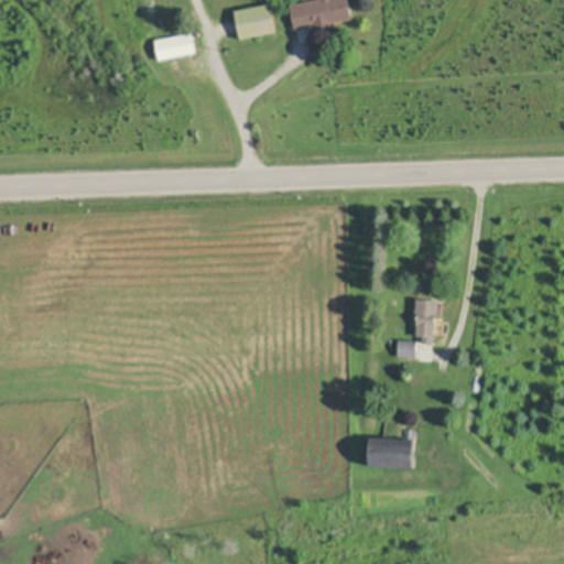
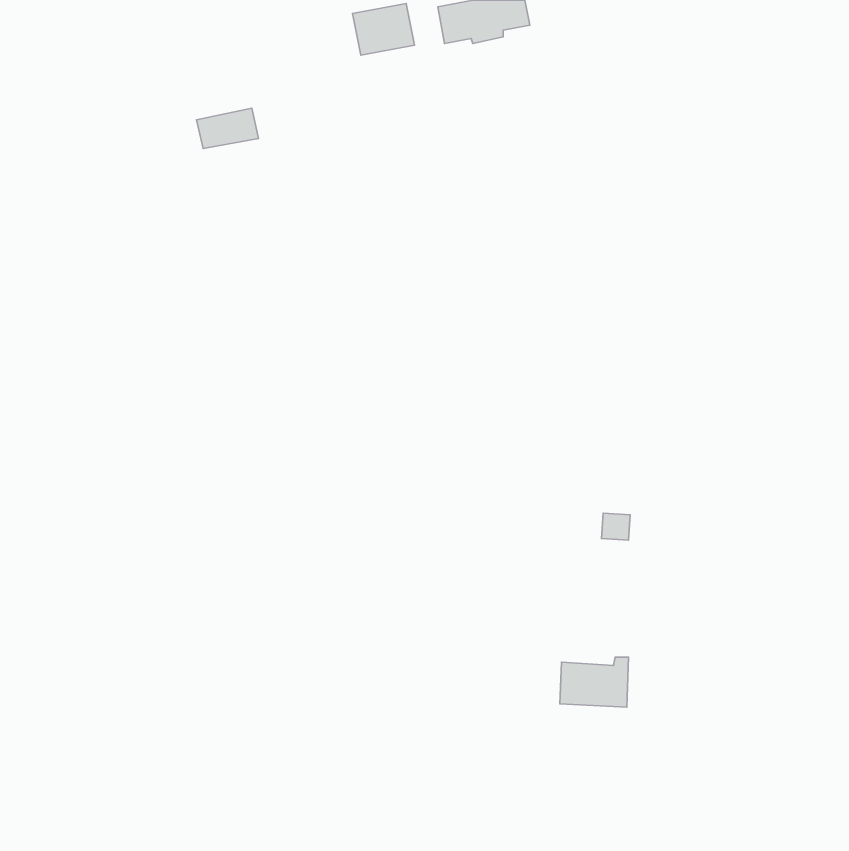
building: [153,33,194,59] -> [197,108,258,148]
building: [414,299,436,344] -> none

